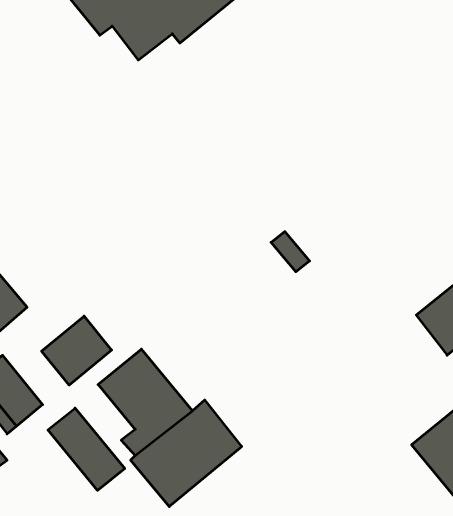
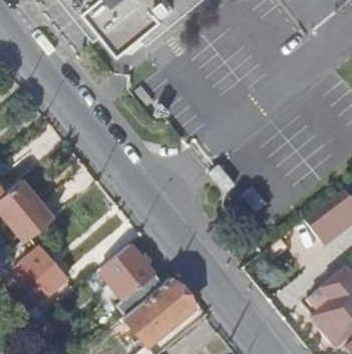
building: [42,316,112,385] -> none
building: [48,408,125,490] -> none

